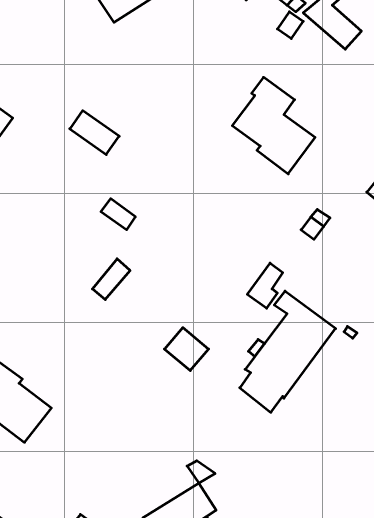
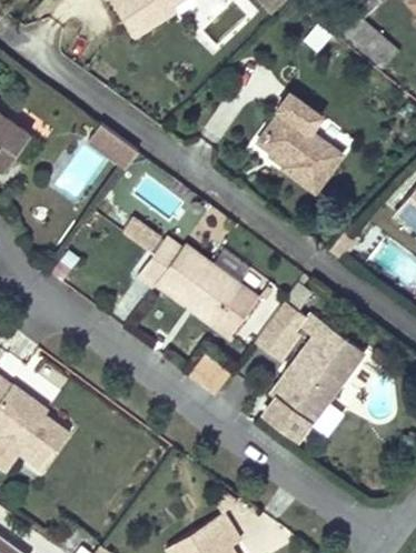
building: none -> [138,238,258,336]
building: none -> [255,318,298,360]

